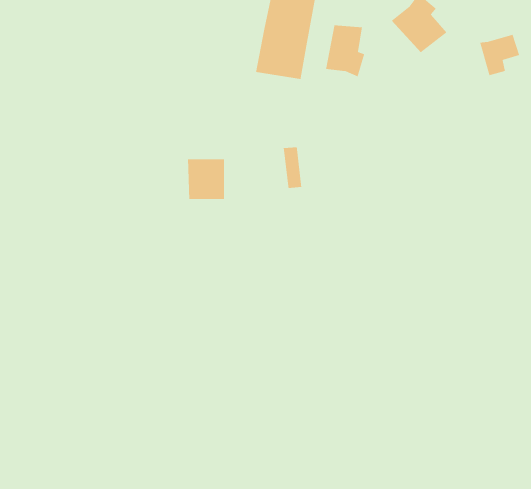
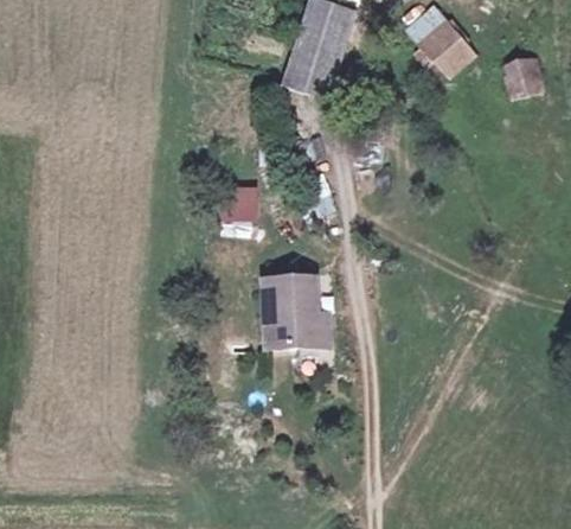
building: [325,24,365,78] -> none
building: none -> [259,288,315,362]

